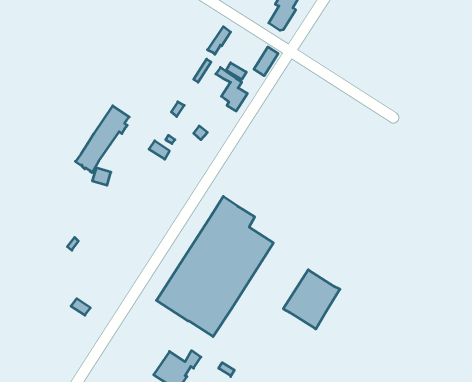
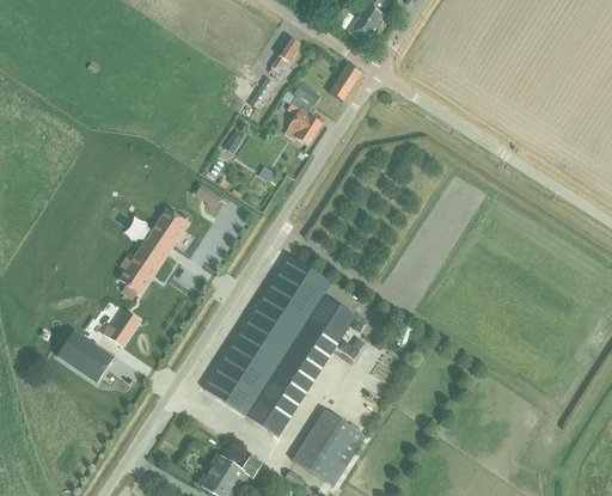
building: [75,106,129,173] -> [118,207,188,293]
building: none -> [103,310,139,345]
building: none -> [56,329,114,381]
building: [283,270,340,329] -> [292,409,365,485]

